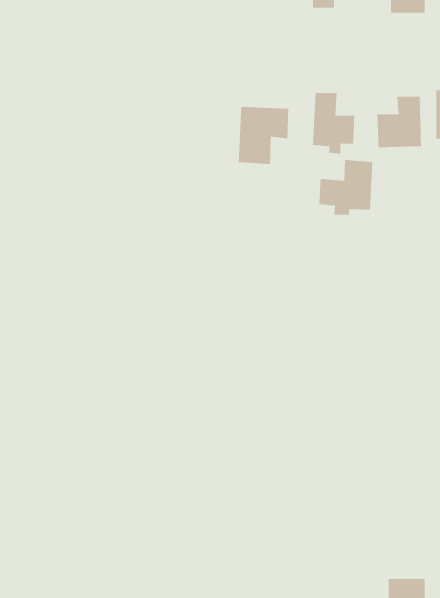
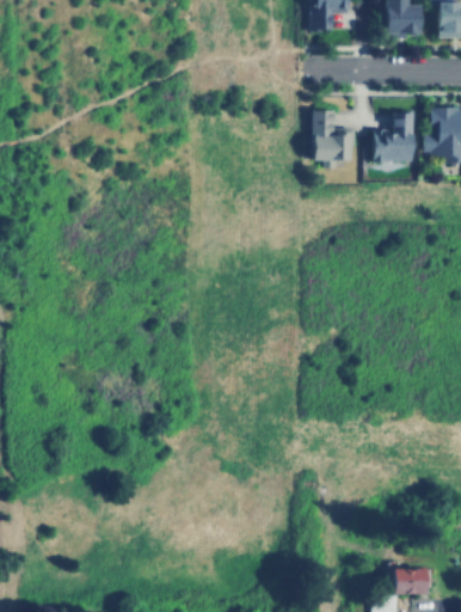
building: [238,106,289,165] -> none
building: [319,159,373,216] -> none

